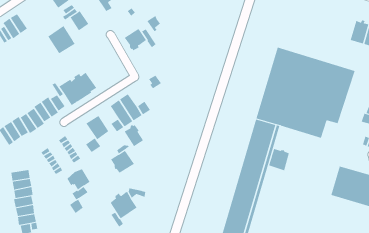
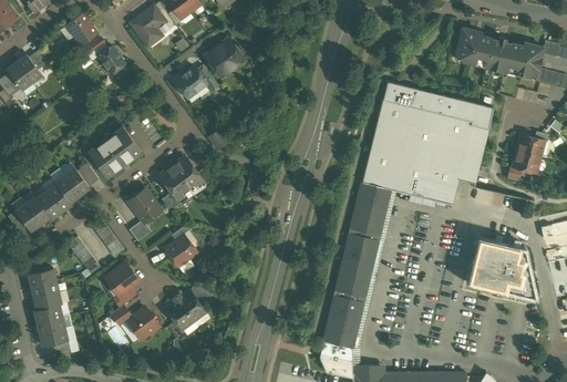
building: none -> [455,28,492,66]
building: none -> [217,42,245,72]
building: [48,25,76,54] -> none
building: [124,124,144,147] -> none
building: [268,148,290,171] -> none
building: none -> [127,307,158,339]

